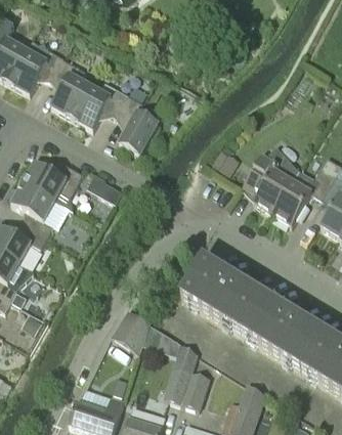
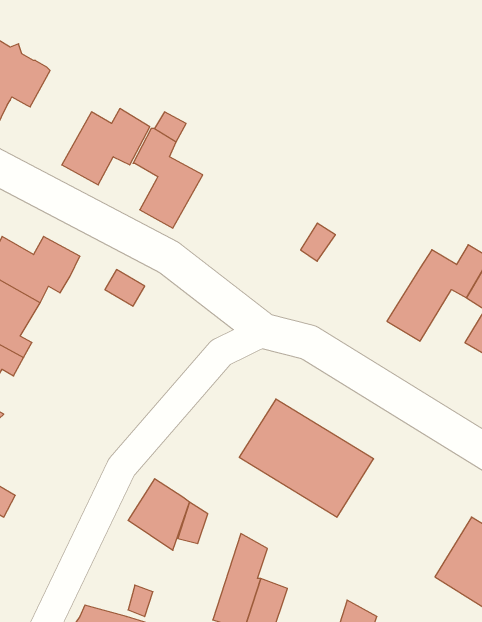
building: [50,56,89,115] -> none
building: [242,143,299,211] -> none
building: [241,296,324,368] -> none

